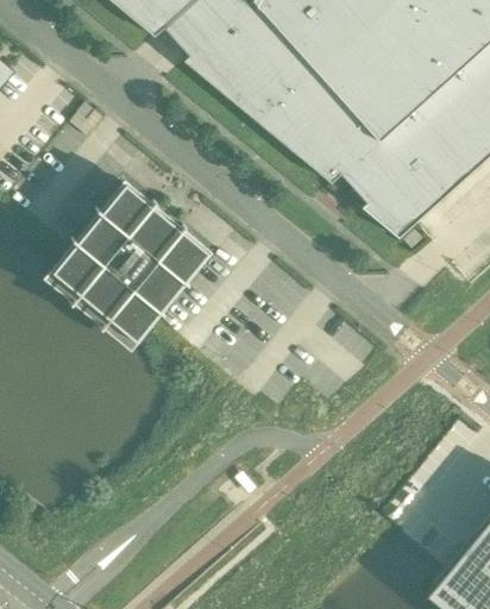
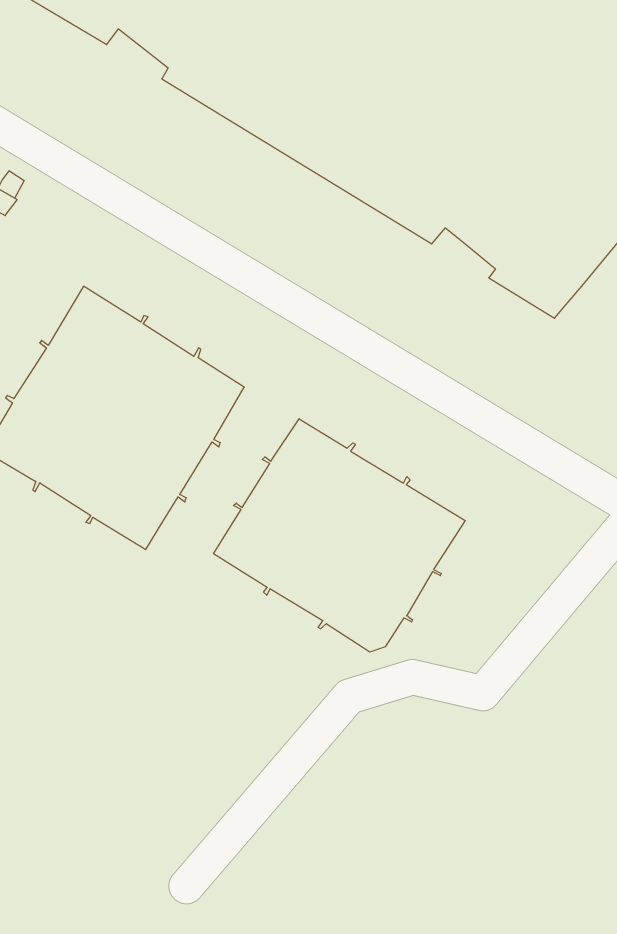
building: none -> [213,419,465,652]

